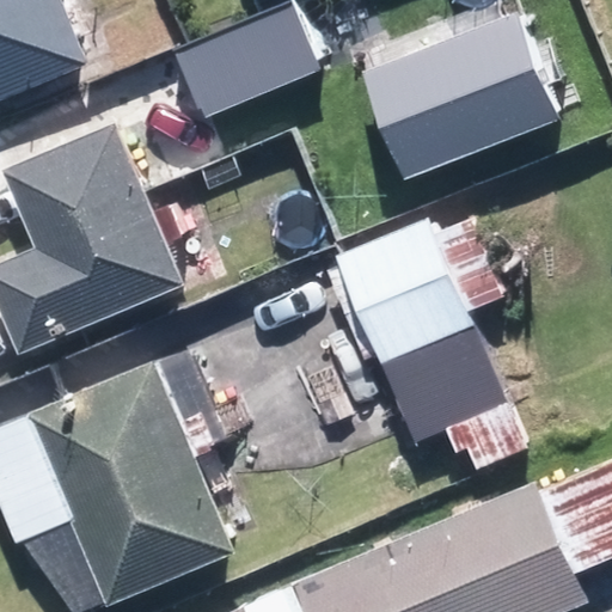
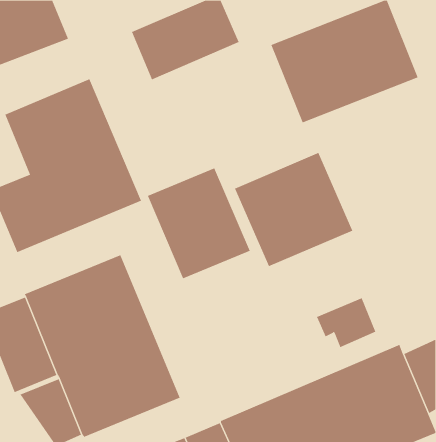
building: none -> [147,168,250,279]
building: [367,339,492,448] -> none

